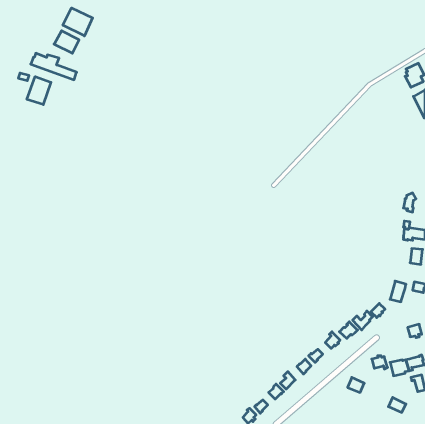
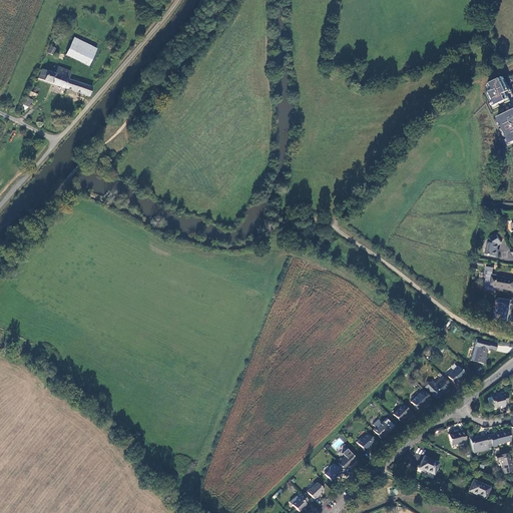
building: [63,8,93,36] -> none
building: [27,77,51,105] -> none

